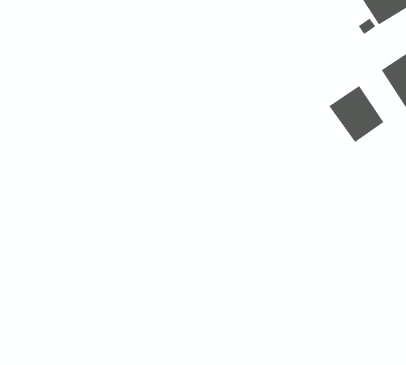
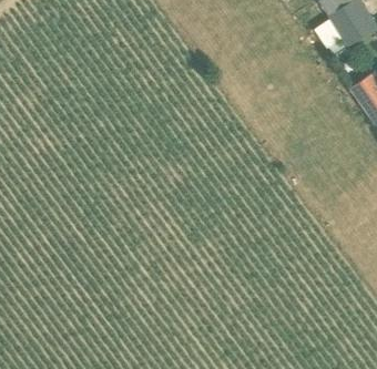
building: [328,85,384,143] -> none

